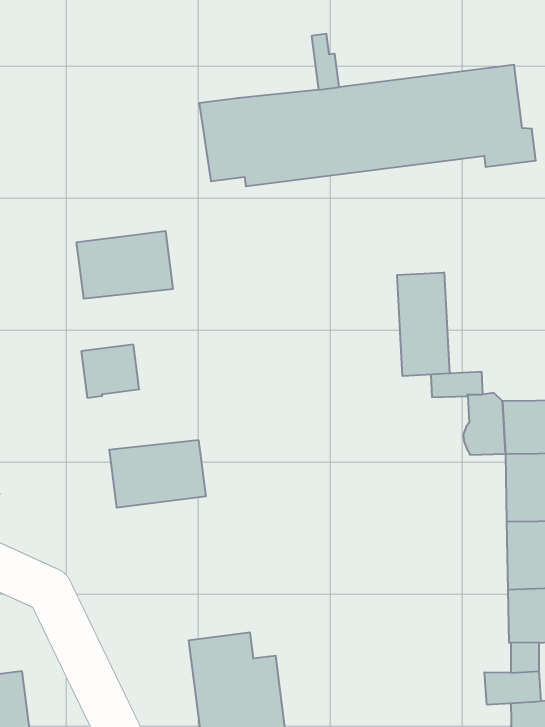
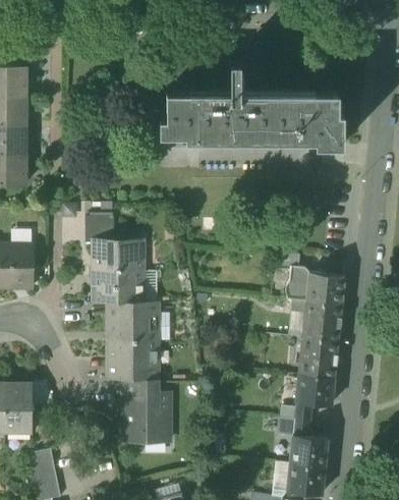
building: [76,231,173,298] -> [94,243,142,275]
building: [397,272,450,376] -> none
building: none -> [108,304,157,382]

